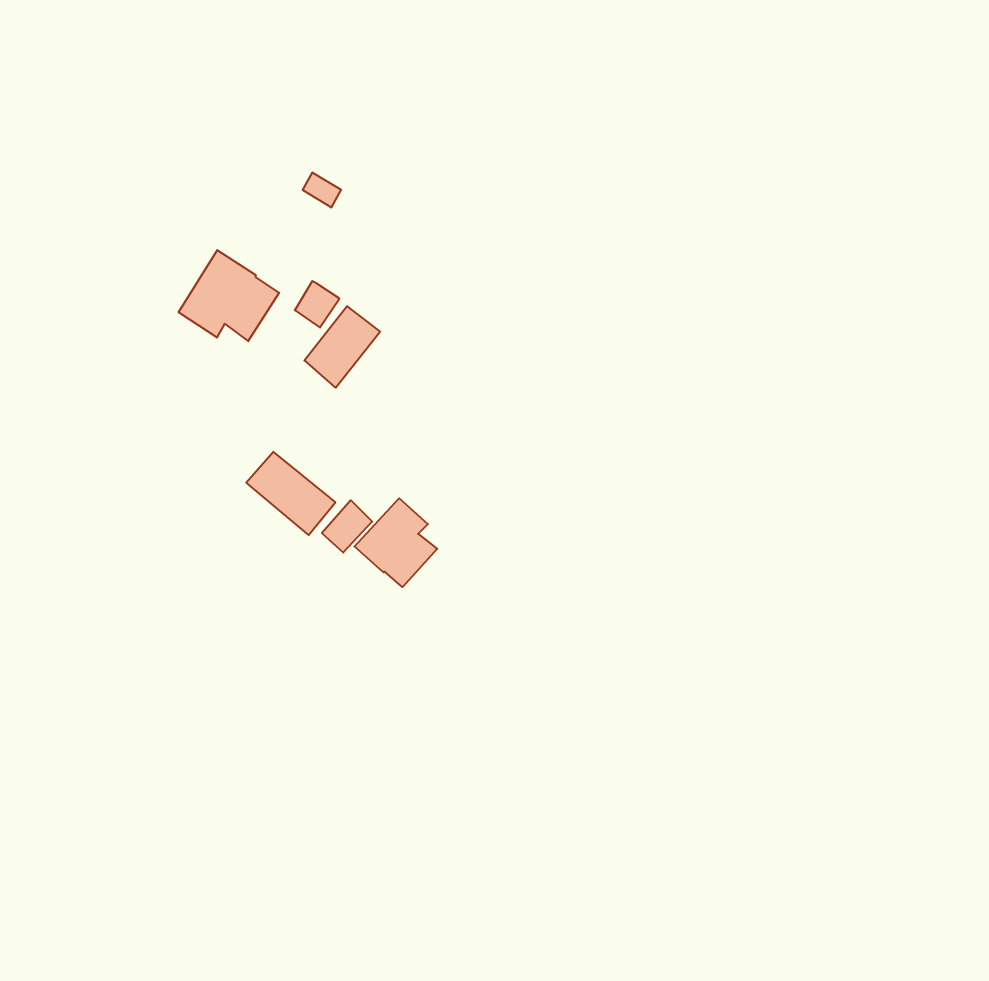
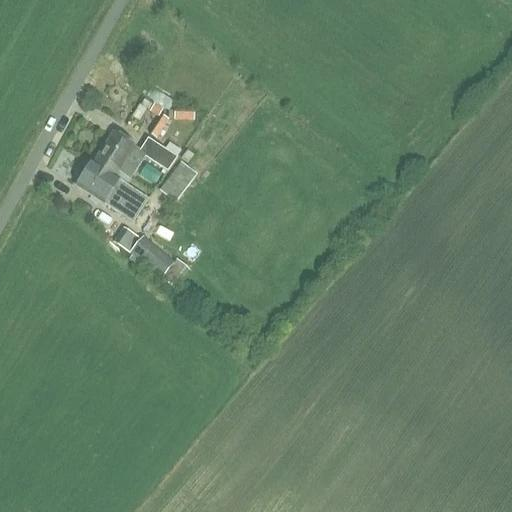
building: none -> [75,159,146,218]
building: [354,498,437,587] -> none

